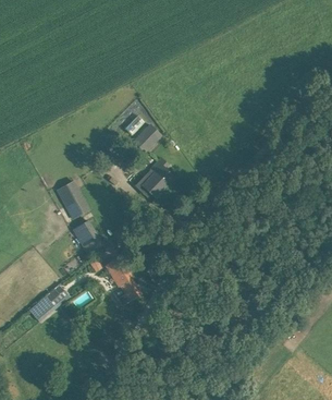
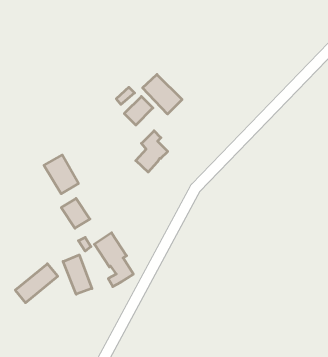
building: none -> [143,74,182,114]
building: none -> [63,255,92,294]

